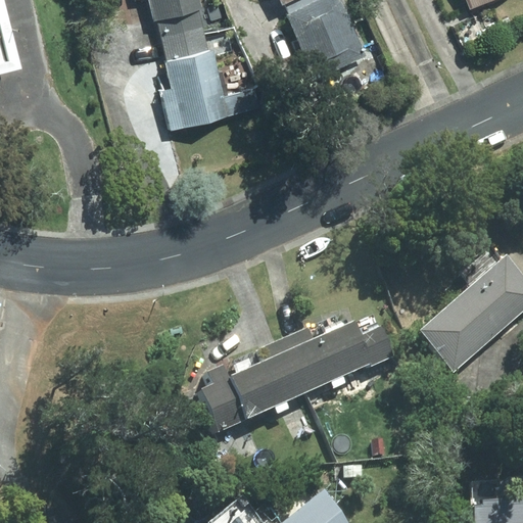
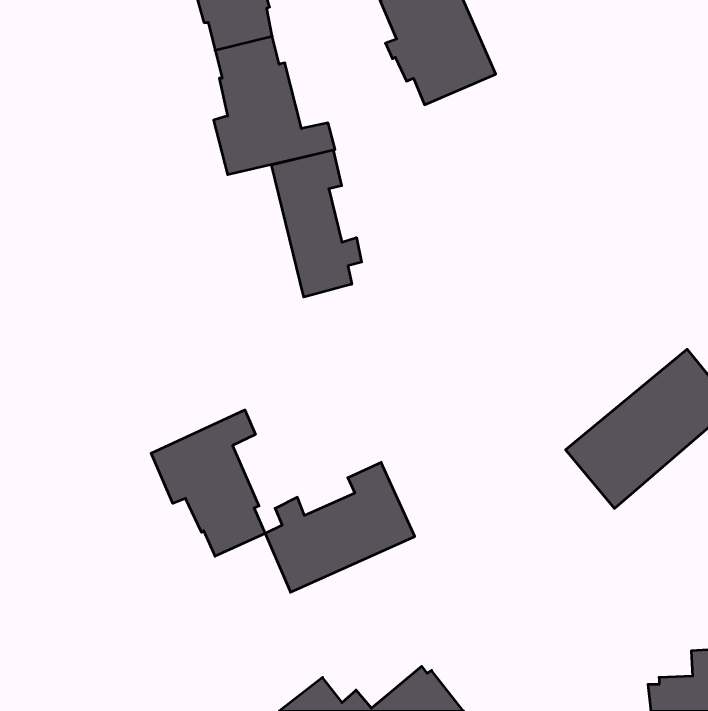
building: none -> [272,150,362,297]
building: none -> [151,410,265,556]
building: [283,321,393,392] -> none

